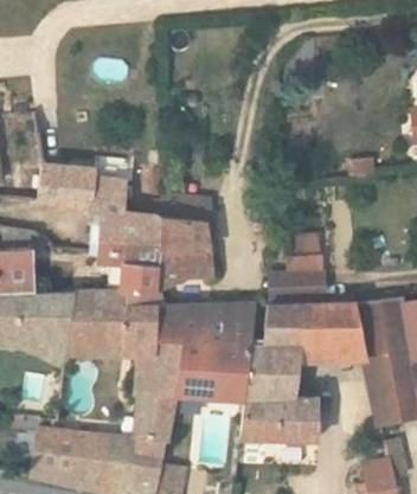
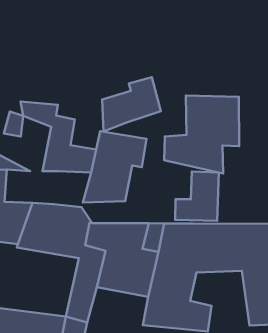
building: none -> [102,77,161,132]
building: none -> [164,95,239,173]
building: [110,244,156,290] -> none

